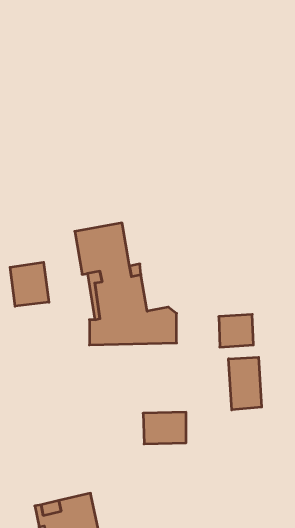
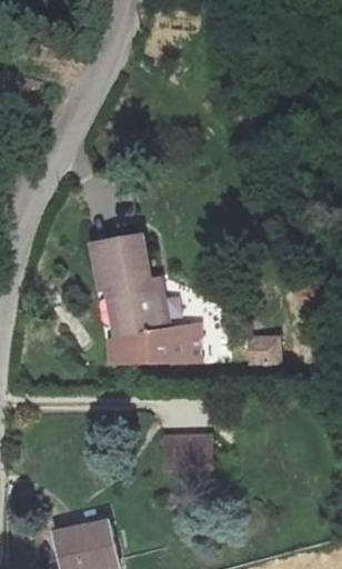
building: [10,262,49,306] -> none
building: [229,357,262,410] -> none

